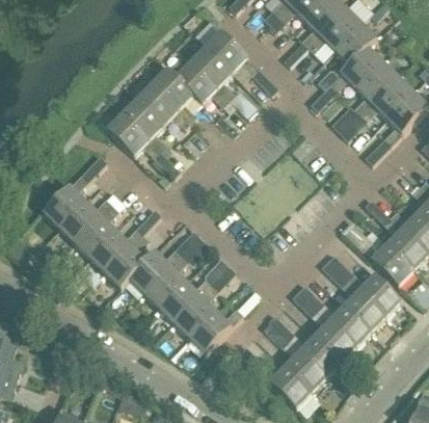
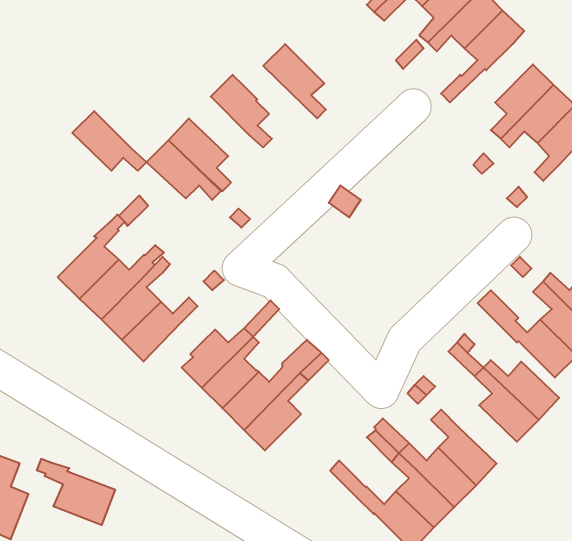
building: [206,31,278,96] -> none
building: [310,47,382,110] -> none
building: [177,62,229,106] -> none
building: [137,84,190,127] -> [72,111,147,171]
building: [105,234,149,289] -> none
building: [317,301,371,346] -> none
building: [191,307,242,352] -> none
building: none -> [37,459,115,525]

